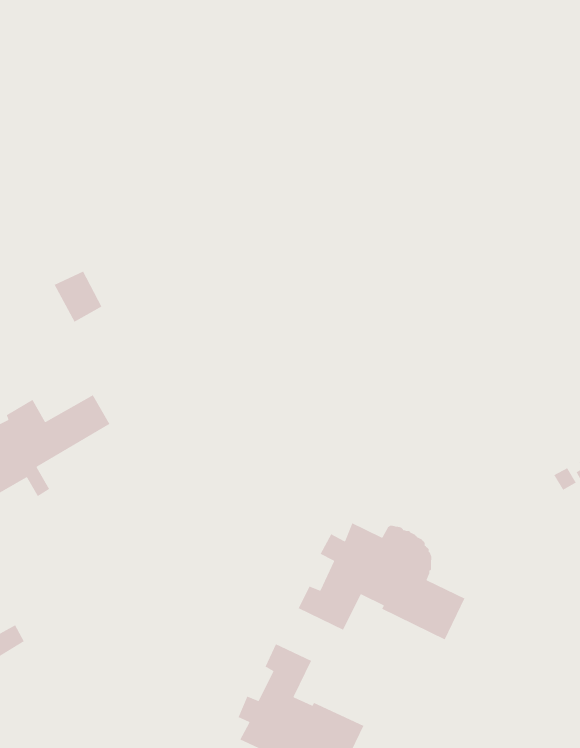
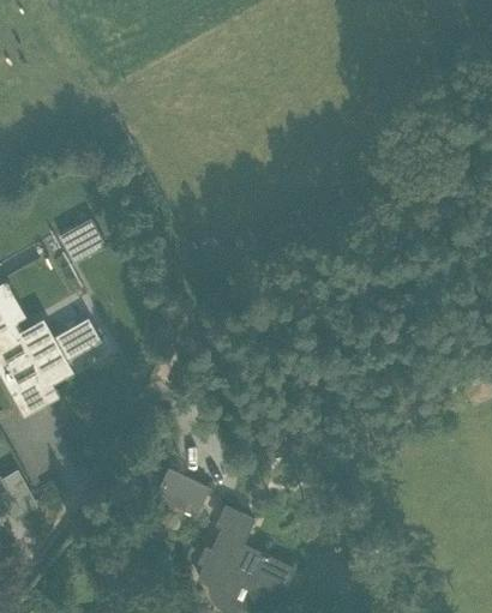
building: [297,522,465,640] -> none
building: none -> [156,470,208,516]

